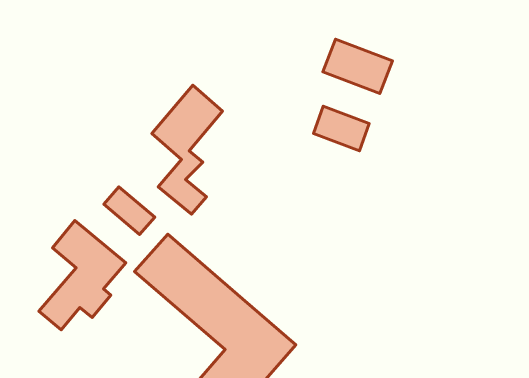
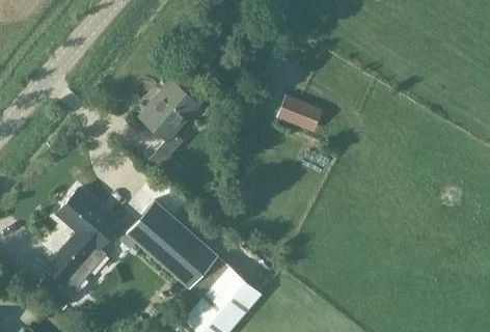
building: [323,39,393,93] -> none
building: [104,187,155,234] -> none

